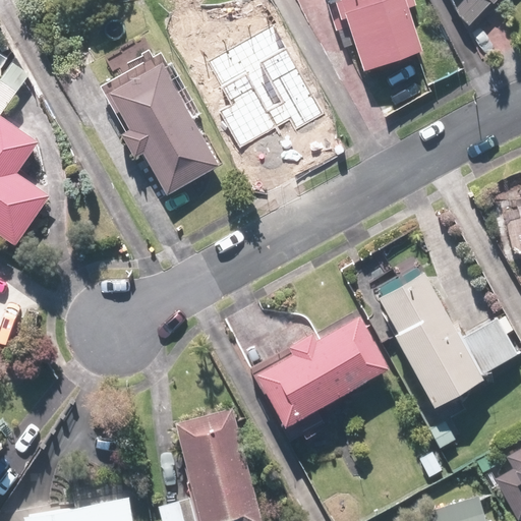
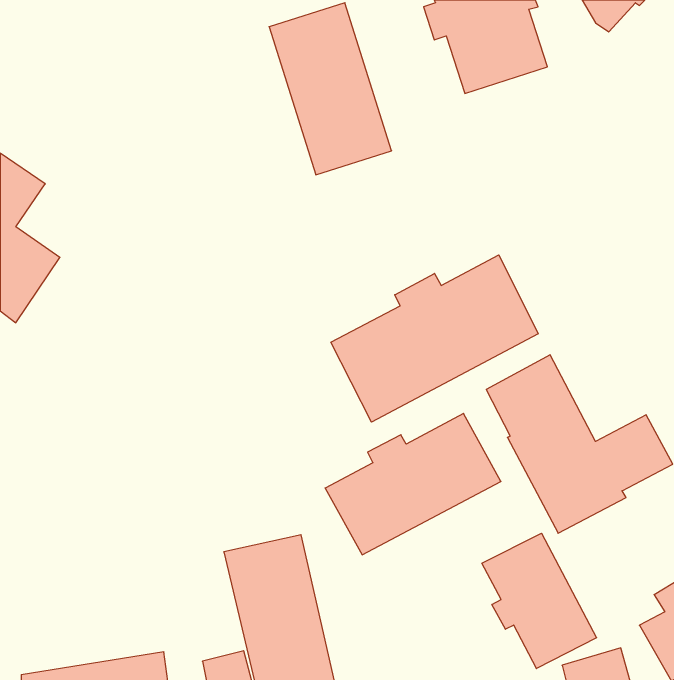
building: [100,53,221,195] -> none
building: none -> [331,255,538,422]
building: none -> [482,533,597,669]

